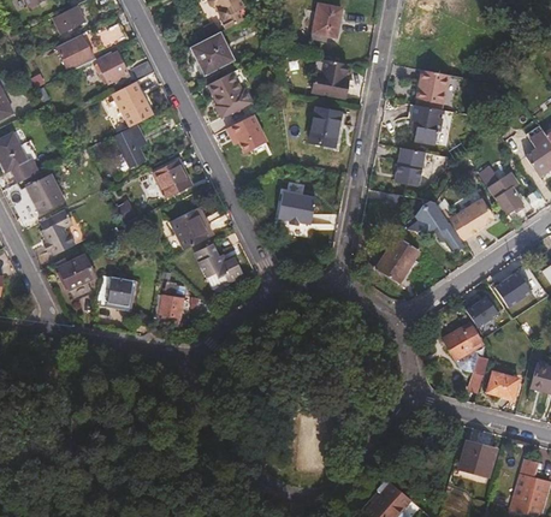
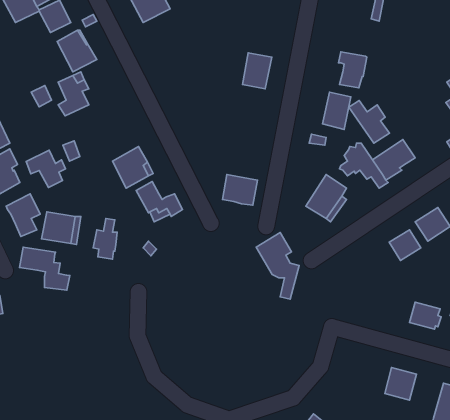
building: [312,59,346,96] -> none
building: [207,67,251,117] -> none
building: [414,67,448,108] -> none
building: [226,113,269,154] -> none
building: [153,158,190,196] -> none
building: [479,168,522,214] -> [349,100,390,143]
building: [277,188,314,220] -> [222,175,257,205]
building: none -> [26,150,66,188]
building: none -> [19,247,70,290]
building: [443,322,488,393] -> [256,233,299,299]

